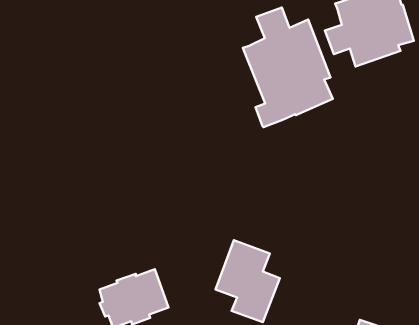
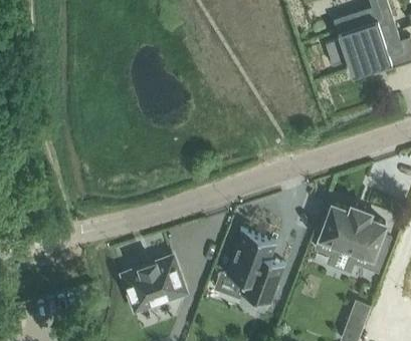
building: [243,8,333,127] -> none
building: none -> [316,206,390,270]

